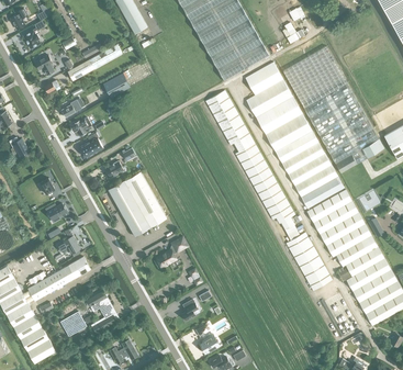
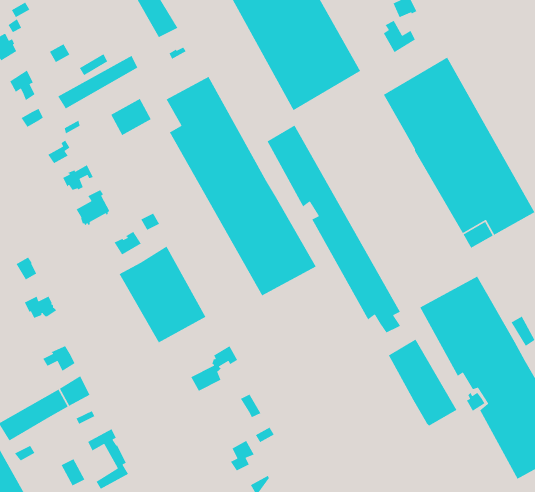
building: [244,61,344,208] -> [166,76,317,297]

